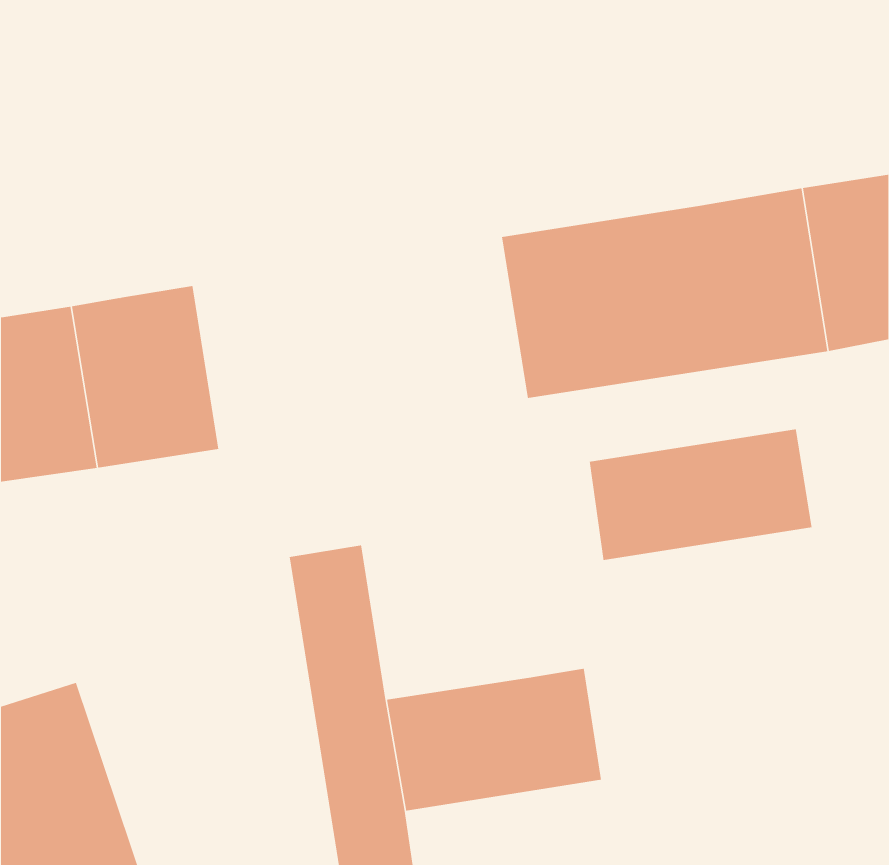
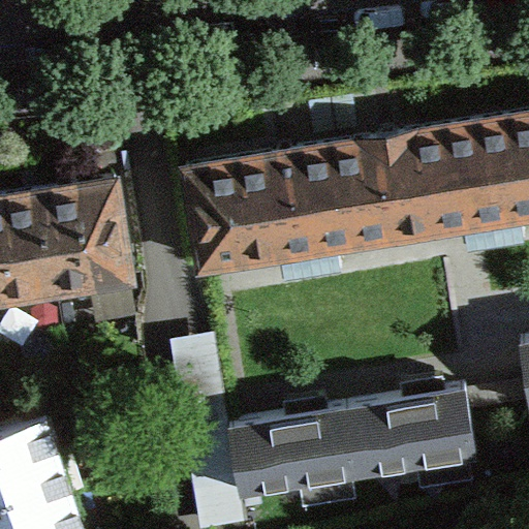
building: none -> [186,155,313,270]
building: [589,429,812,561] -> none
building: none -> [347,392,475,477]

